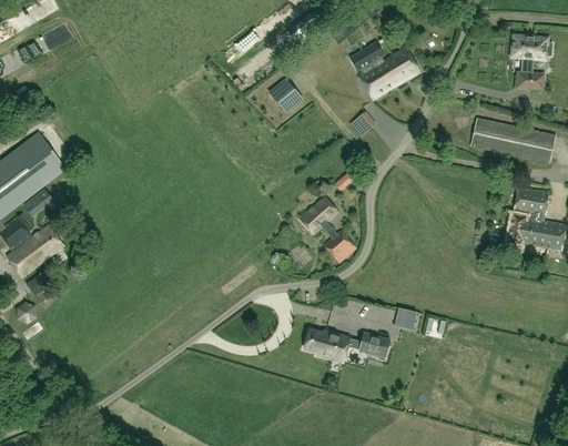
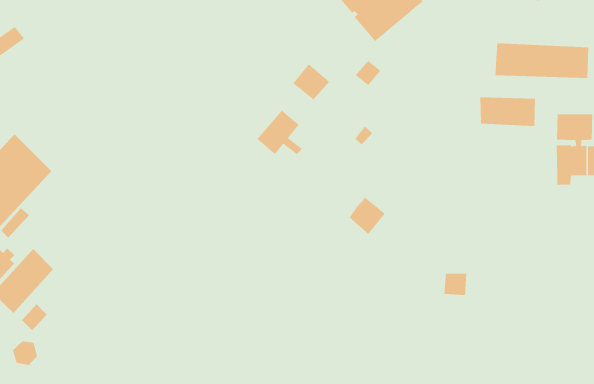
building: [270,78,302,110] -> [292,63,330,100]
building: none -> [480,97,535,127]
building: [300,195,338,236] -> [257,110,302,155]
building: [303,325,390,363] -> none

